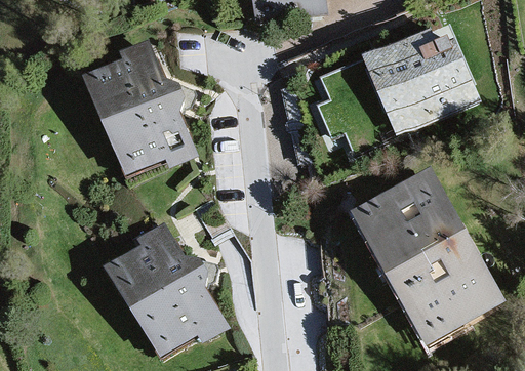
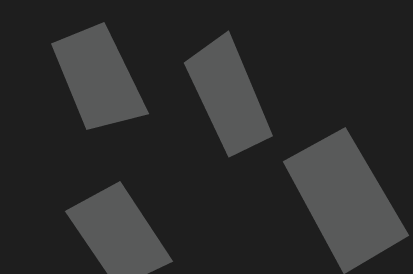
building: [360,28,482,138] -> none
building: none -> [183,29,274,159]

